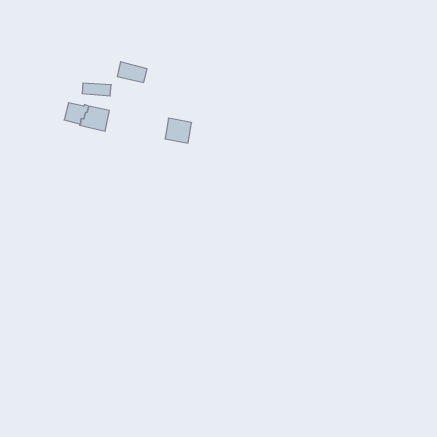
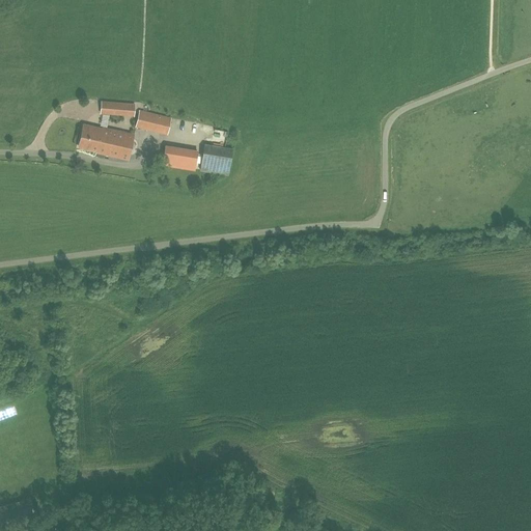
building: [117,62,147,82] -> [135,109,171,134]
building: none -> [162,145,197,169]

